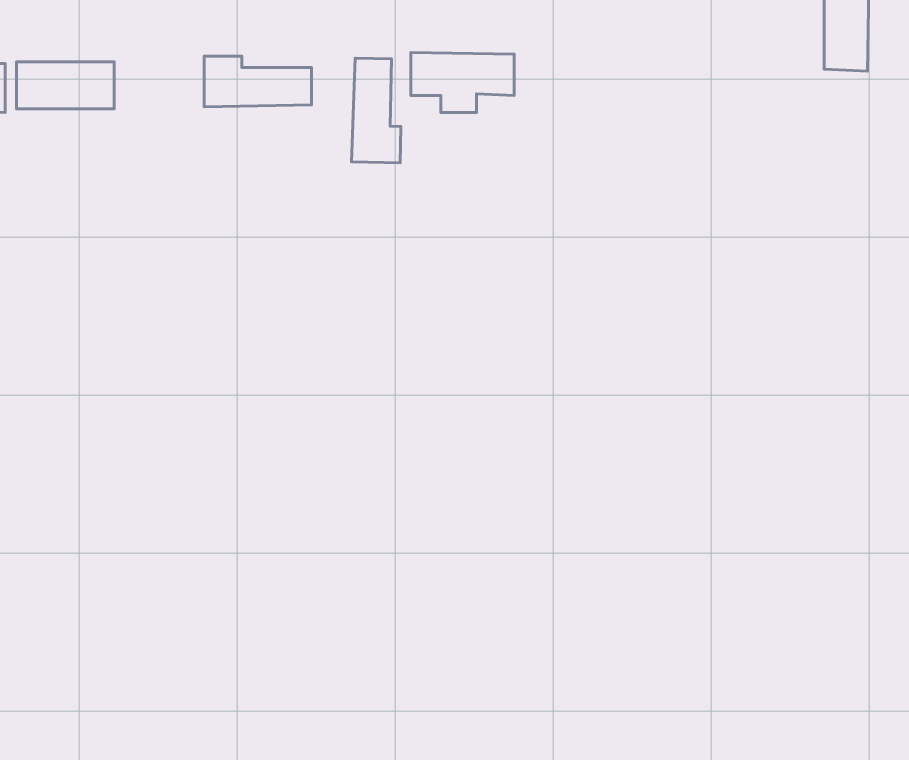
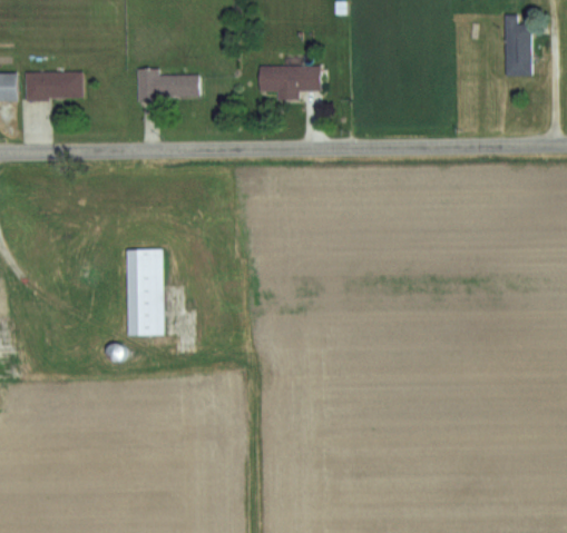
building: [352,58,401,163] -> none
building: none -> [127,249,165,335]

